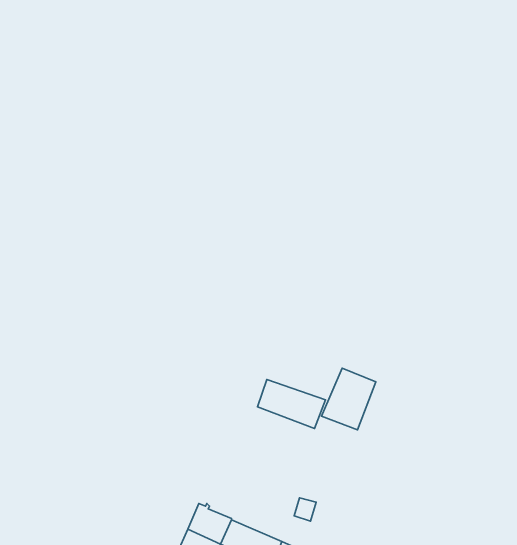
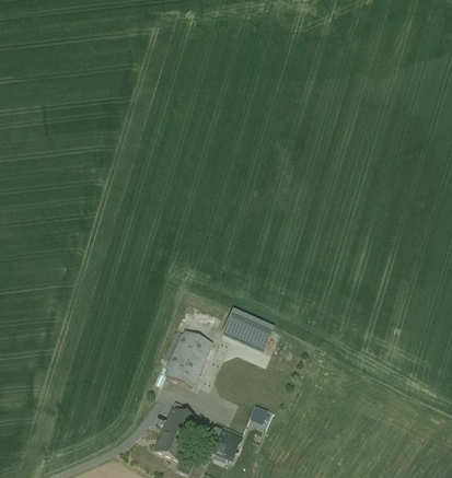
building: [321,368,376,430] -> none
building: none -> [165,330,211,387]

